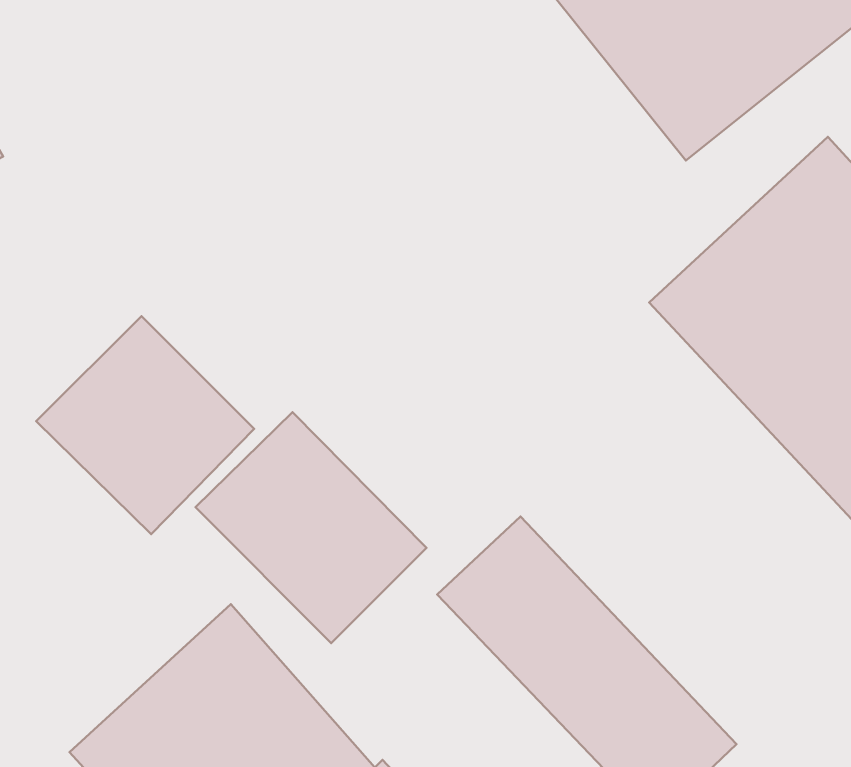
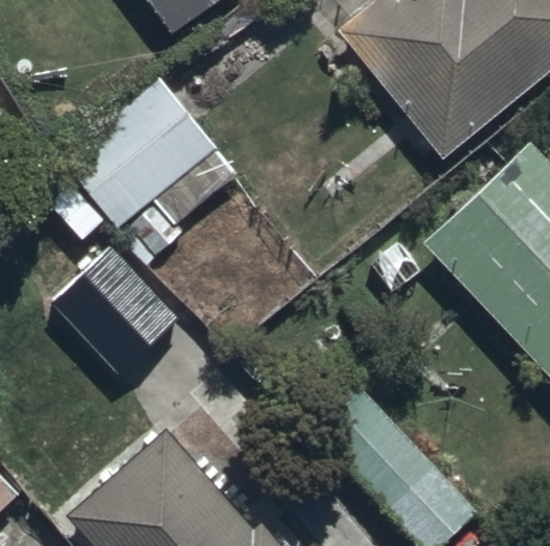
building: none -> [60,80,240,268]
building: [195,412,426,643] -> none

